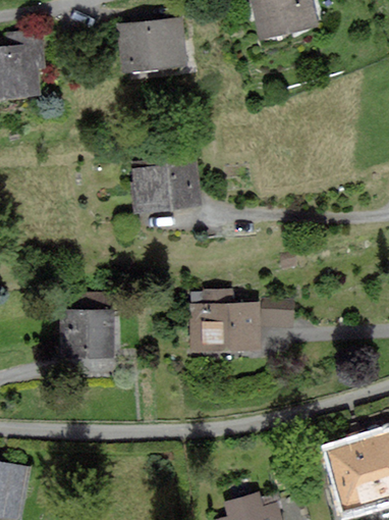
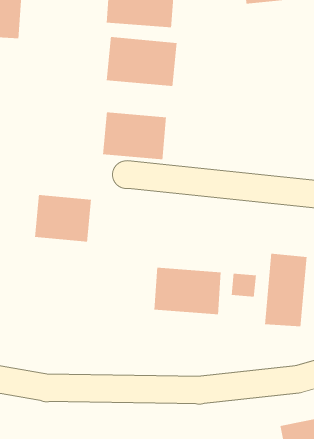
building: none -> [106,36,177,87]
building: none -> [264,253,308,327]
building: [63,314,116,357] -> [34,194,92,242]

